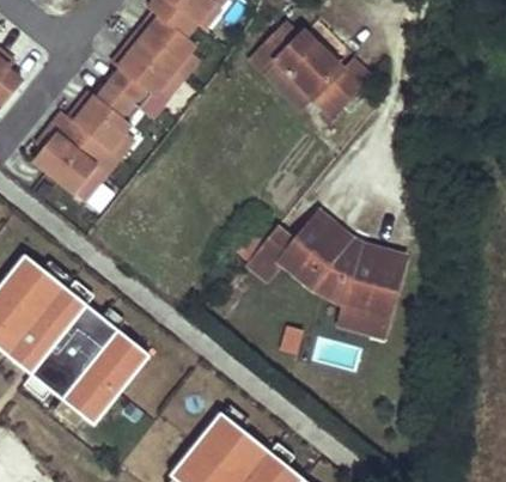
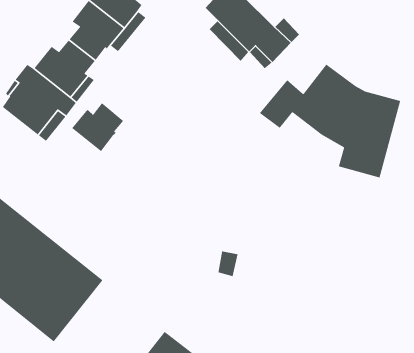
building: none -> [71,102,124,152]
building: [246,208,408,338] -> [259,64,401,179]

